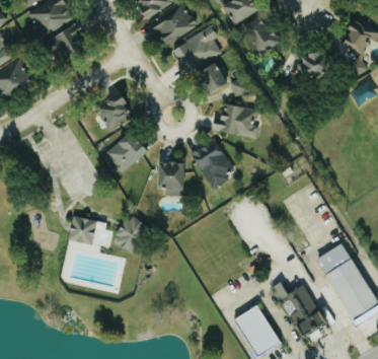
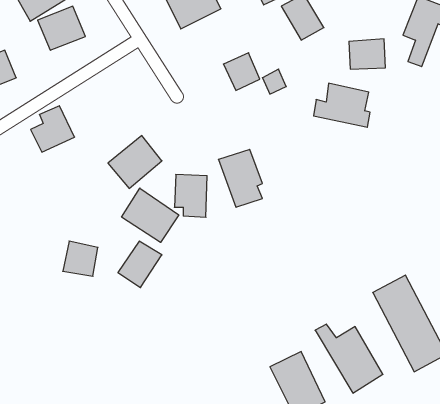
building: [170,26,221,73] -> none
building: [97,91,133,129] -> [31,106,75,152]
building: [212,102,257,138] -> [314,83,370,127]
building: none -> [122,188,179,242]

